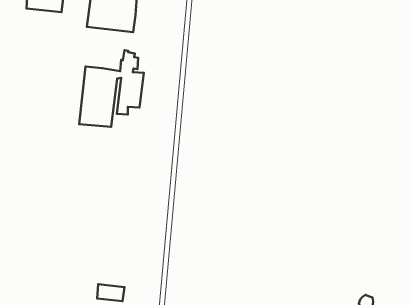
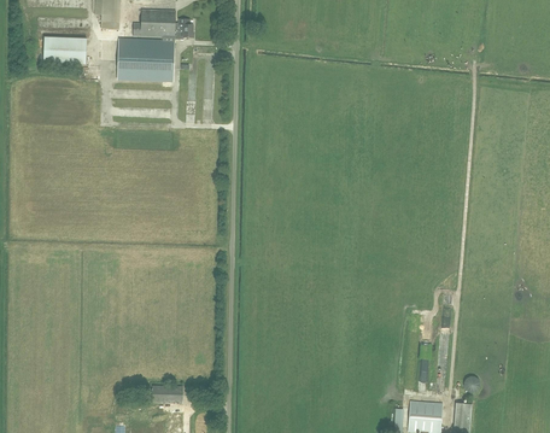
building: [79,50,144,127] -> none

